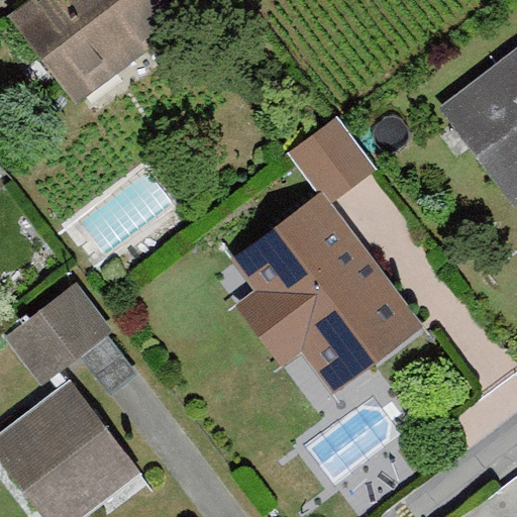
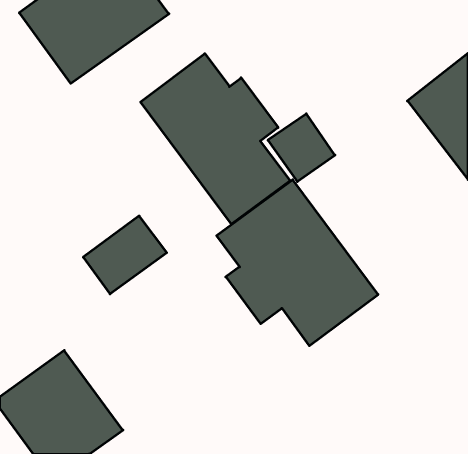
building: none -> [141,54,290,224]
building: [16,290,108,376] -> [83,216,167,294]

